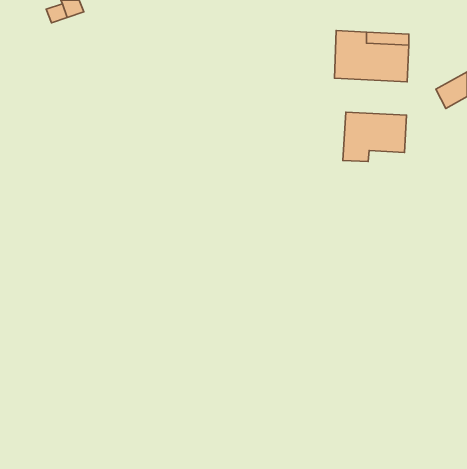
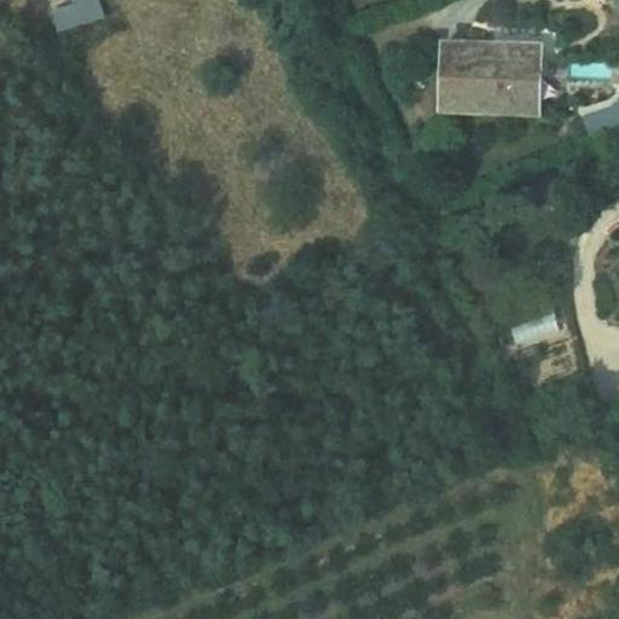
building: [343,112,406,162] -> none

